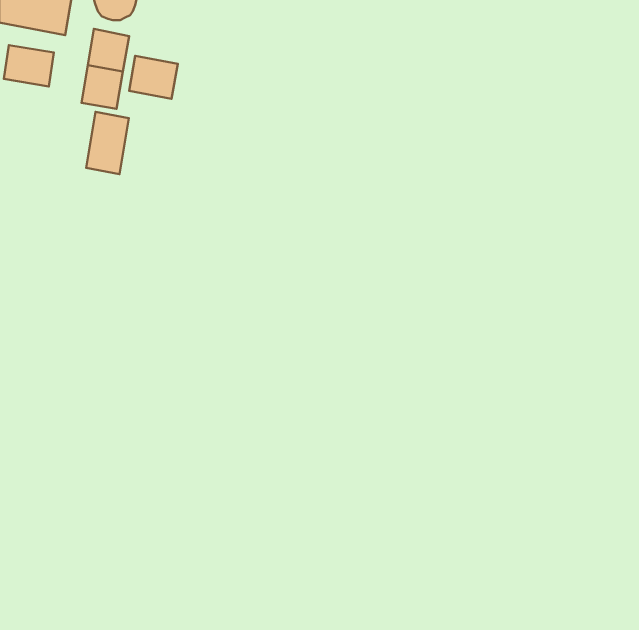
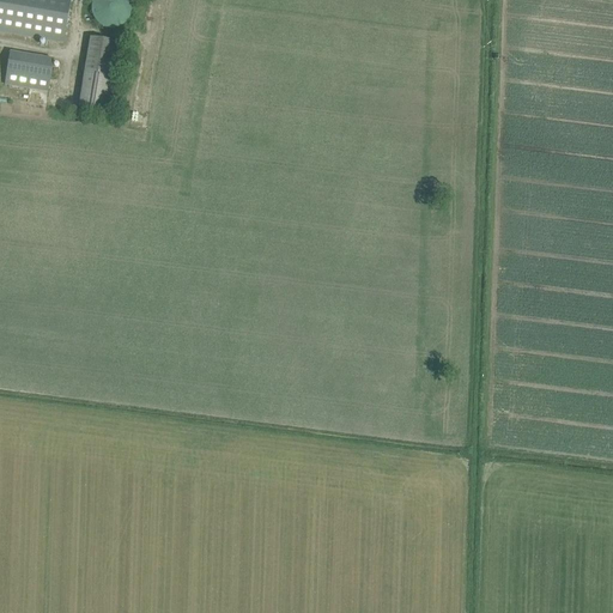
building: [129,56,178,99] -> none
building: [86,112,129,174] -> none

